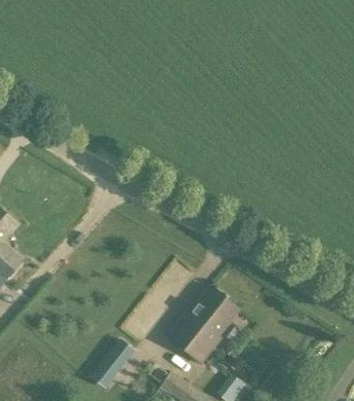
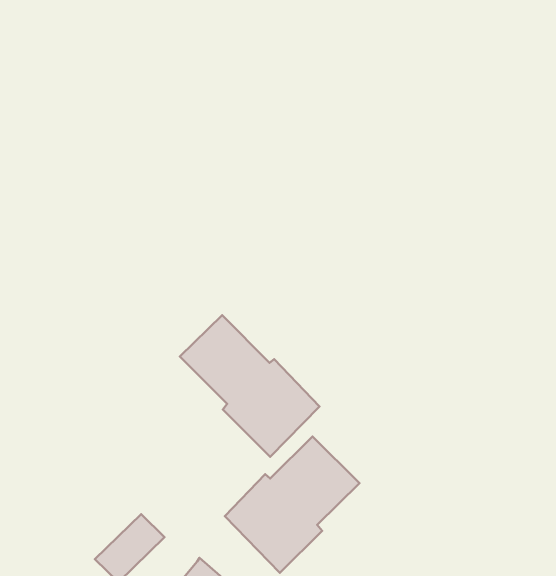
building: none -> [180,315,320,457]

